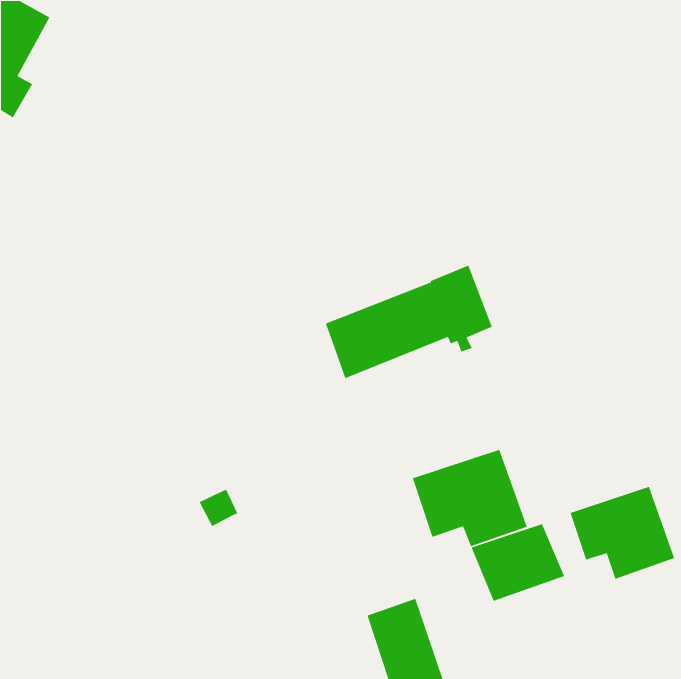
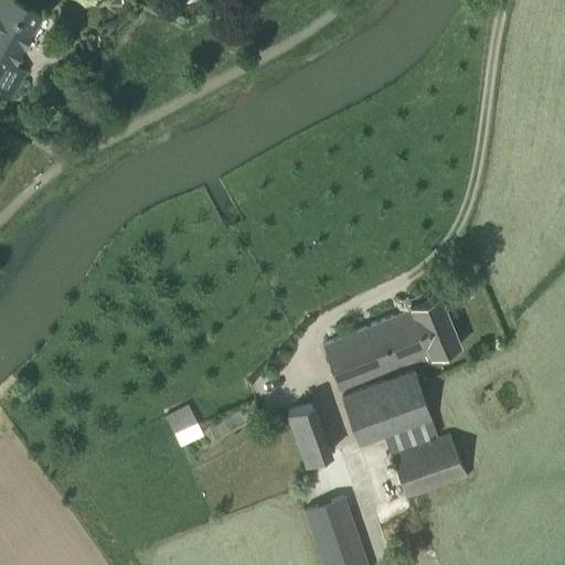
building: [325,265,493,379] -> [322,296,461,391]
building: [569,486,675,580] -> none
building: none -> [286,405,329,465]

